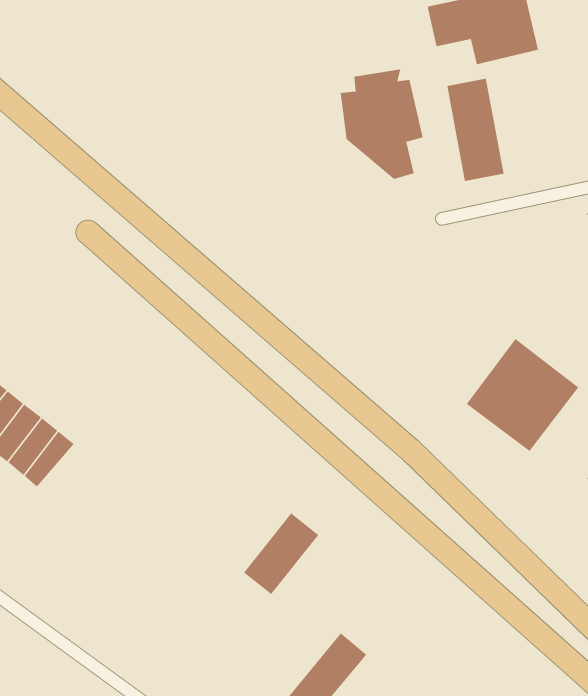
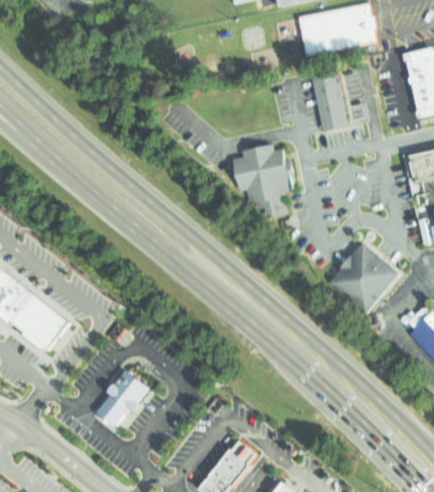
building: [340,69,424,179] -> [229,141,286,216]
building: none -> [33,312,72,353]
building: [243,513,319,595] -> [94,377,145,432]

